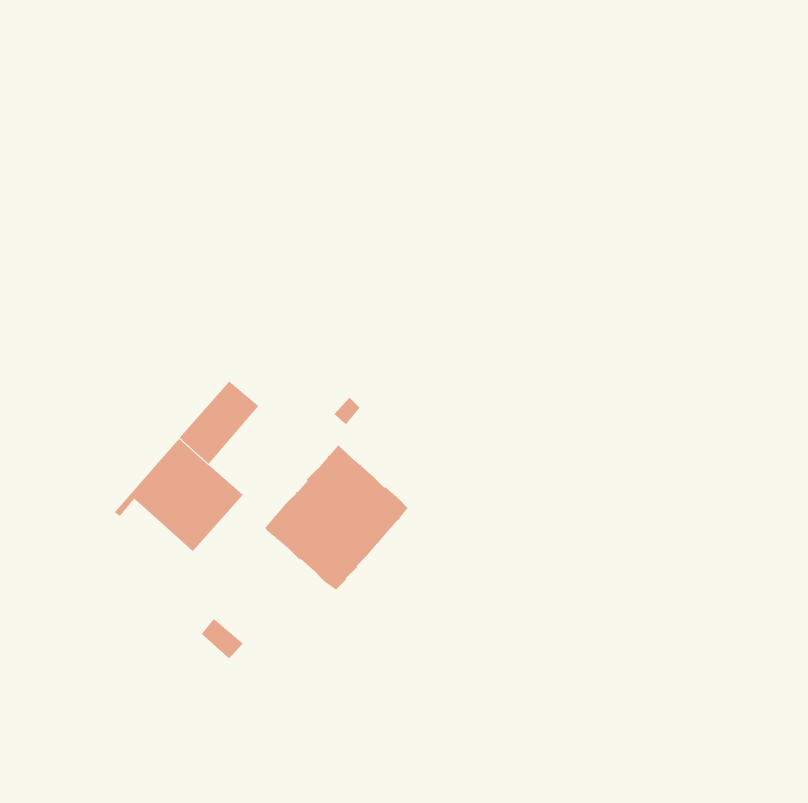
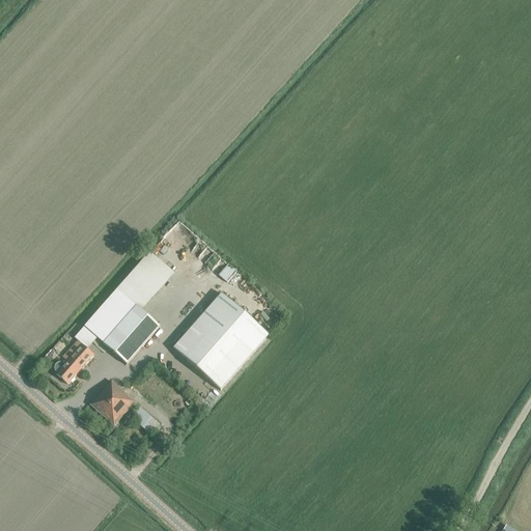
building: none -> [55,342,93,382]
building: none -> [91,379,135,423]

